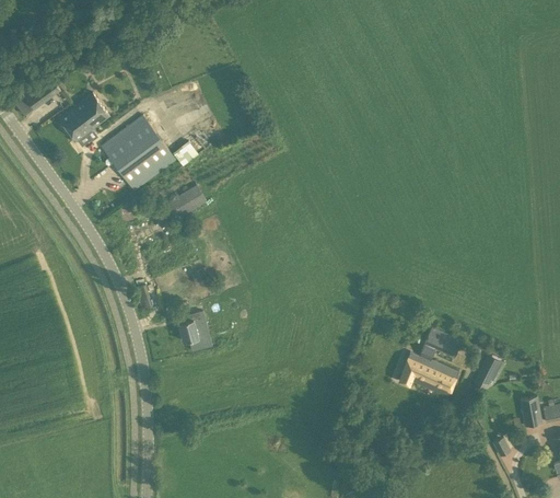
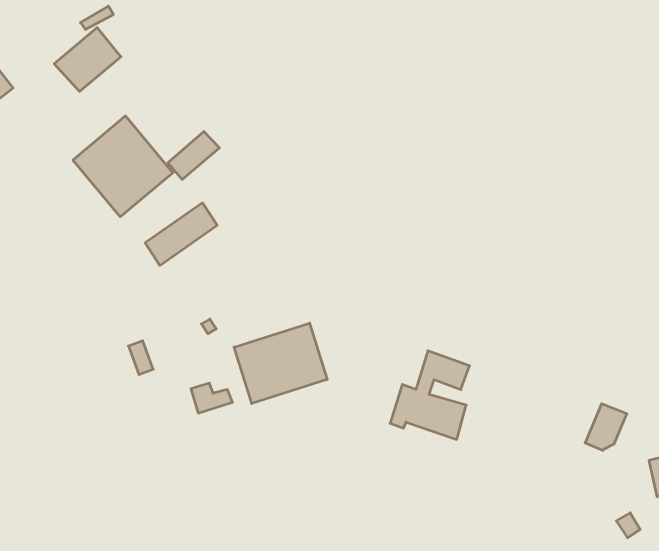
building: [59,92,109,139] -> [54,28,121,91]
building: none -> [234,323,327,404]
building: [399,327,462,395] -> [390,351,470,439]

